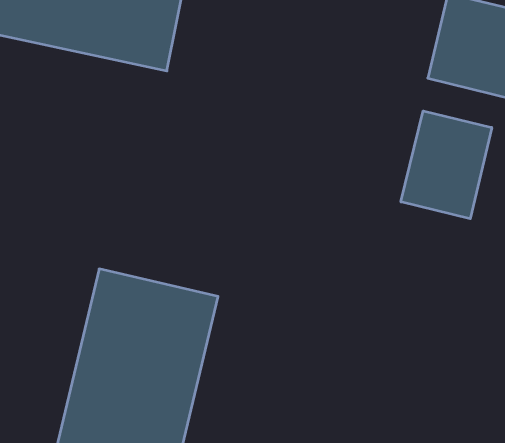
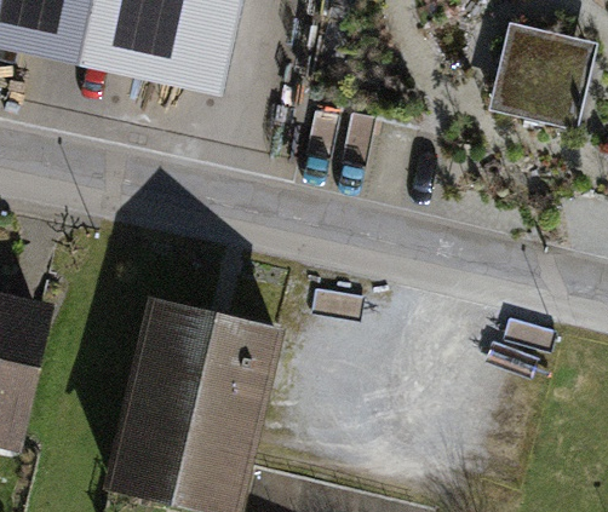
building: [401,111,492,219] -> none

